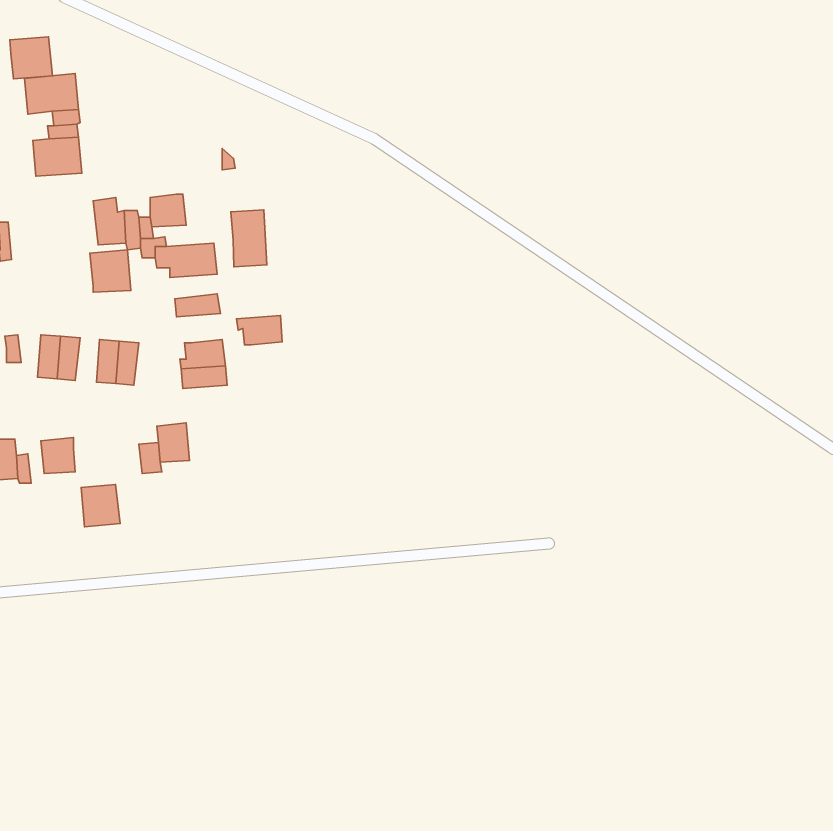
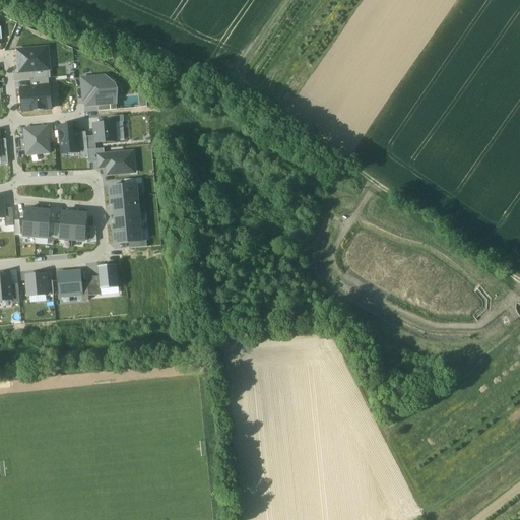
building: [10,37,52,79] -> none
building: none -> [81,75,115,105]
building: [231,210,267,267] -> none
building: [90,250,131,292] -> [23,126,49,152]
building: [236,316,282,345] -> [110,195,138,213]
building: [81,484,120,527] -> [58,269,82,296]

